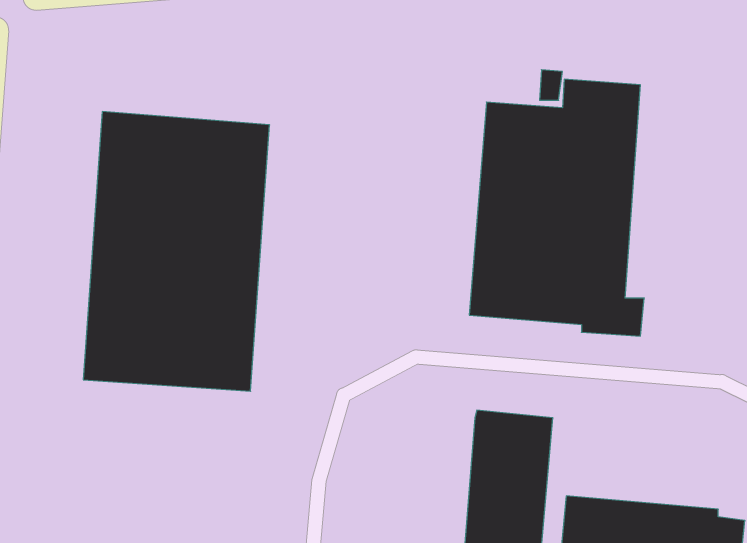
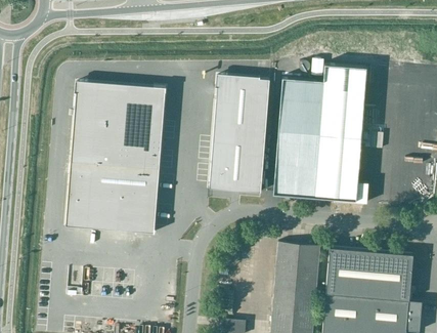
building: none -> [209,75,269,192]
building: none -> [326,247,412,295]

